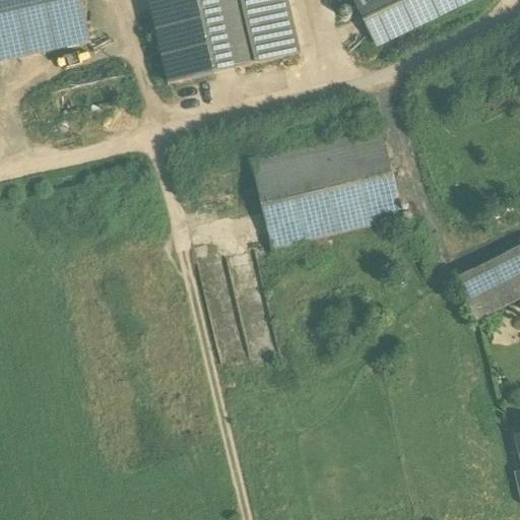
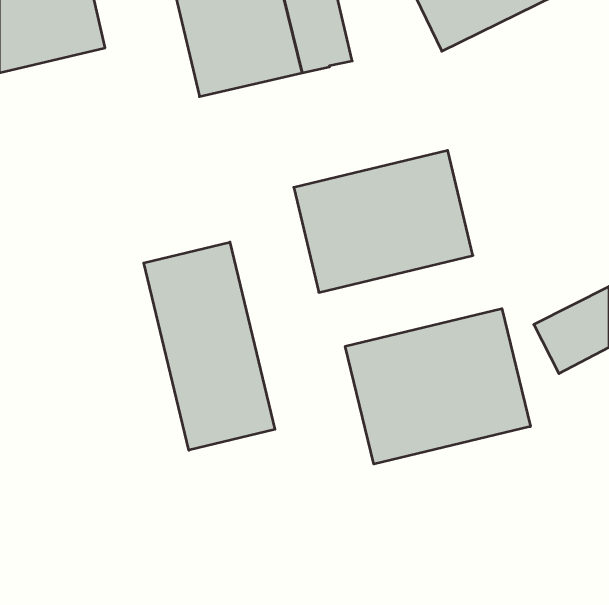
building: none -> [144,242,275,450]
building: none -> [345,309,530,464]

